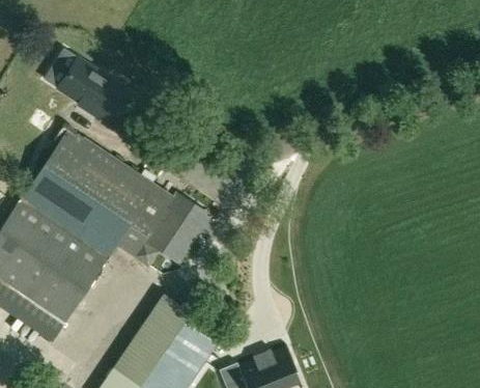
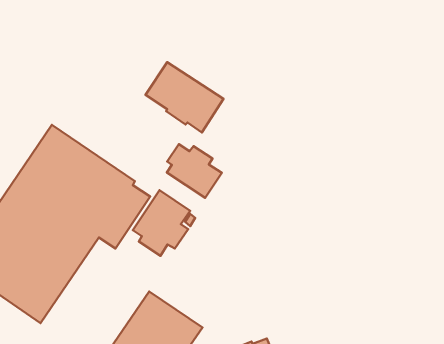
building: [54,56,133,128] -> [146,62,223,133]
building: none -> [167,144,222,198]

